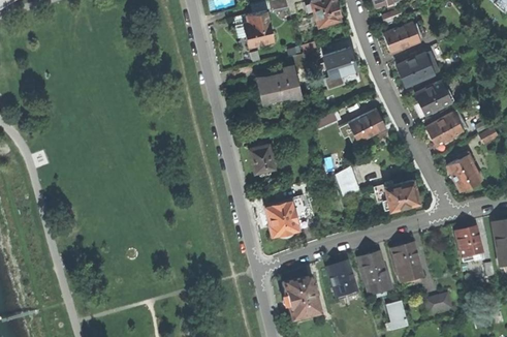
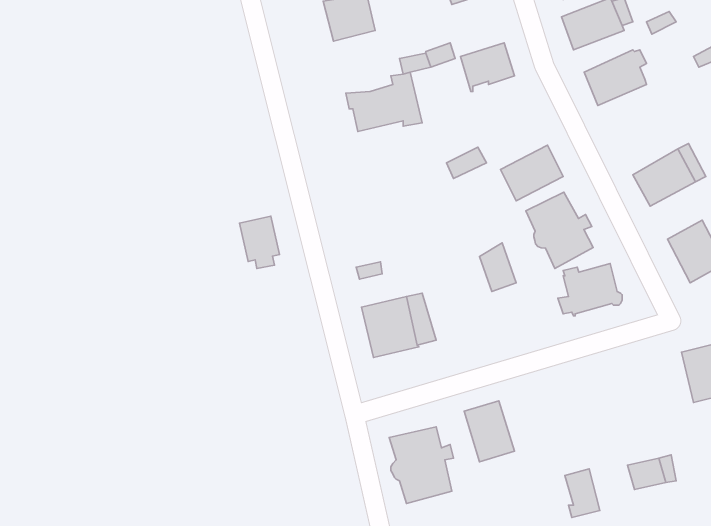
building: [414,81,452,118] -> none
building: none -> [526,192,593,269]
building: [250,145,274,176] -> [240,216,280,268]
building: [391,243,423,286] -> none
building: [357,251,392,296] -> none

